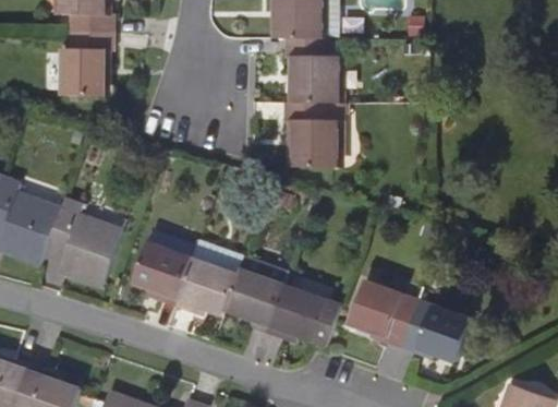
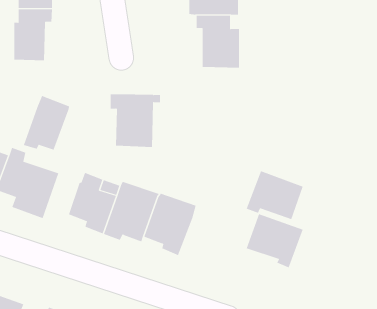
building: [284,101,347,167] -> [110,94,161,148]
building: none -> [23,95,70,150]
building: [264,285,325,339] -> none
building: [398,299,468,359] -> [246,170,303,220]

